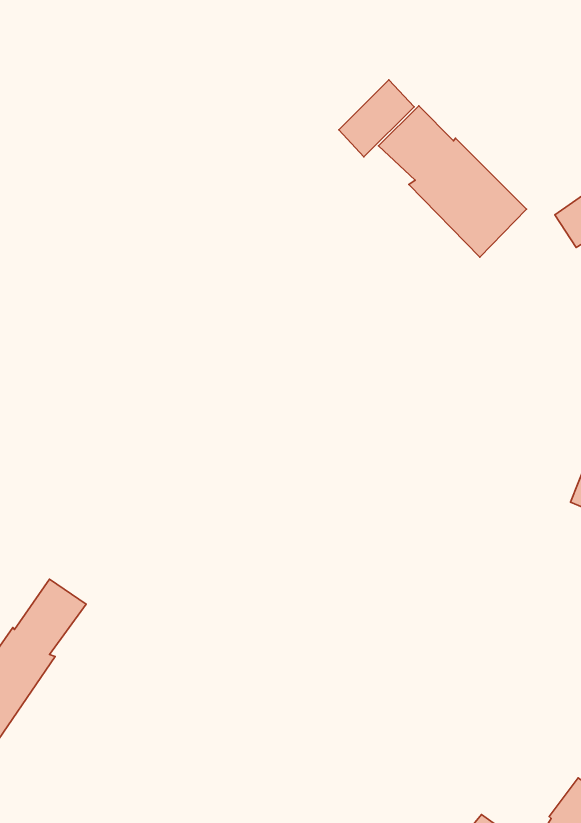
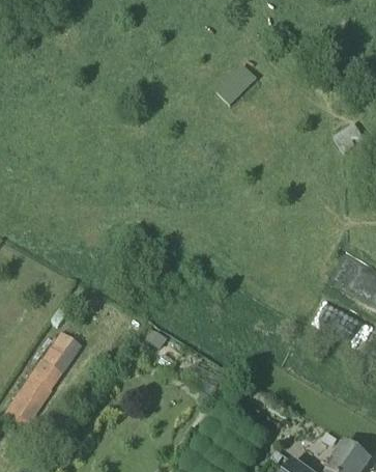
building: [378,106,527,257] -> none

